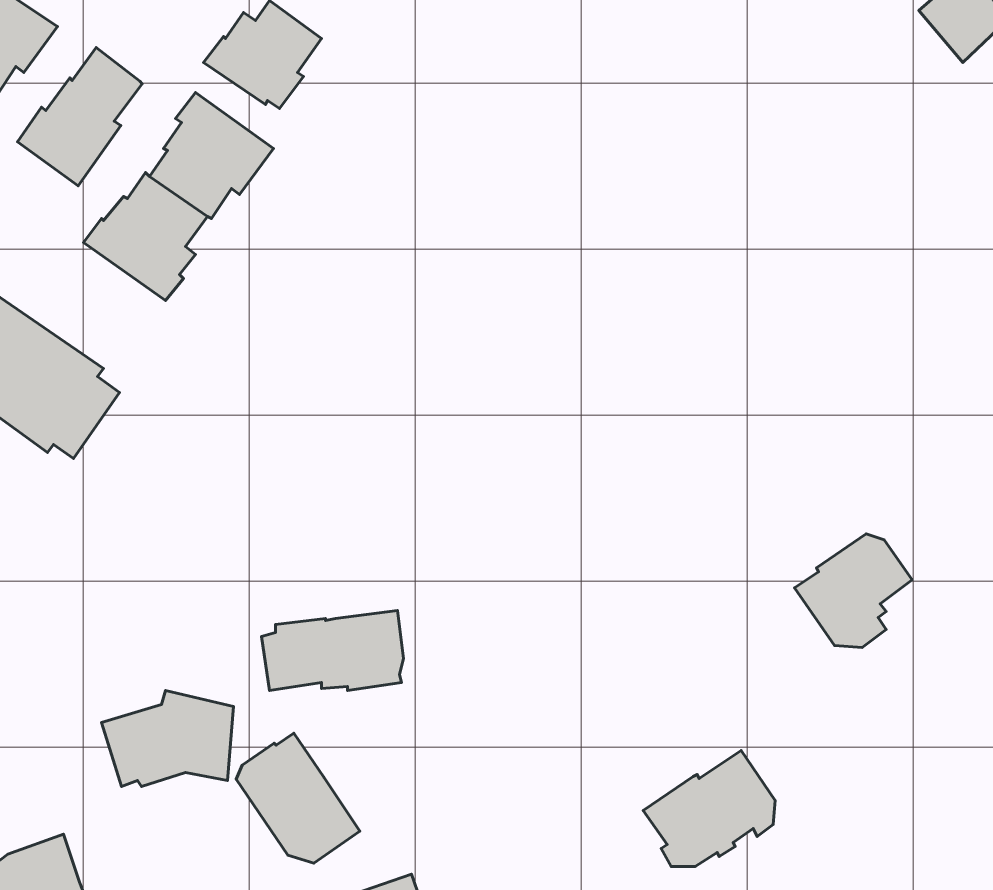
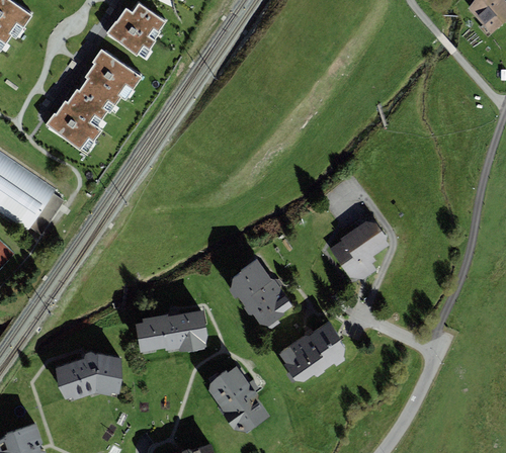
building: [17,48,142,186] -> none
building: none -> [231,259,292,325]
building: [794,534,912,648] -> [329,219,389,277]
building: [236,733,360,863] -> [206,365,269,431]
building: [643,751,775,867] -> [277,322,344,380]

